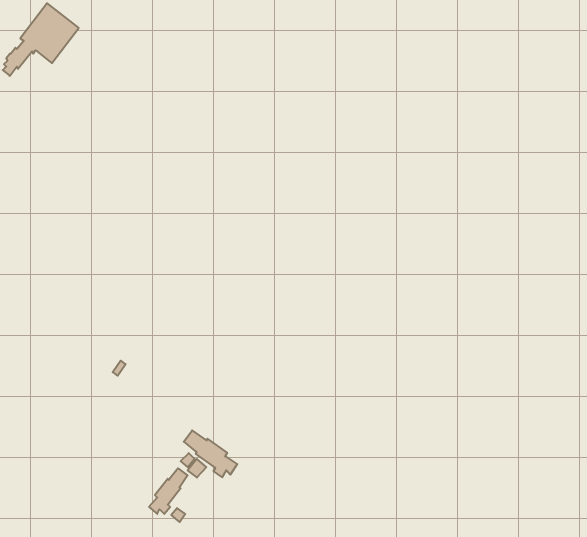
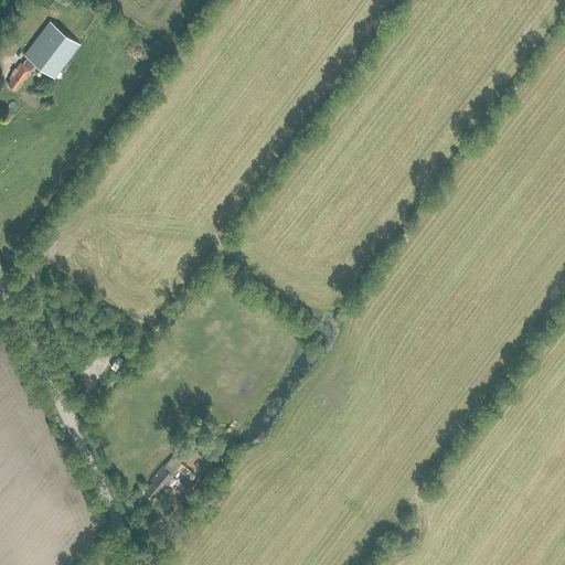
building: [184,430,237,477] -> none

